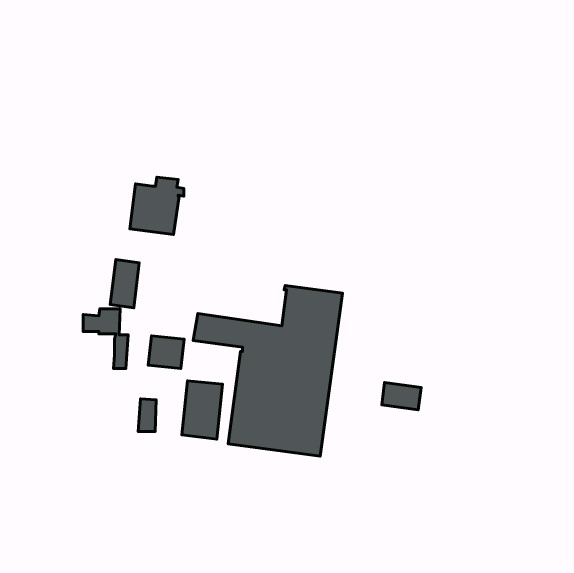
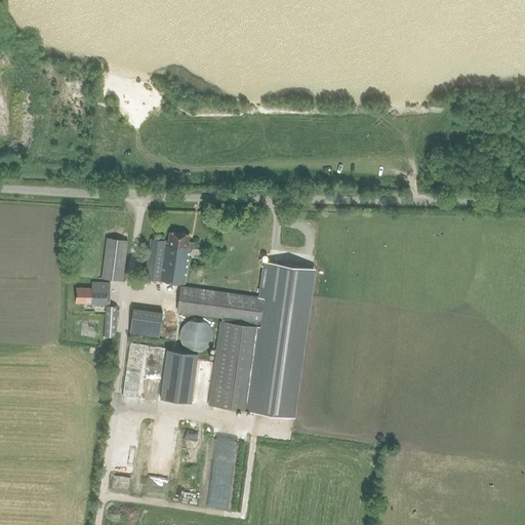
building: [130,177,184,234] -> [145,233,194,285]
building: none -> [185,321,212,349]
building: [382,382,421,410] -> none

